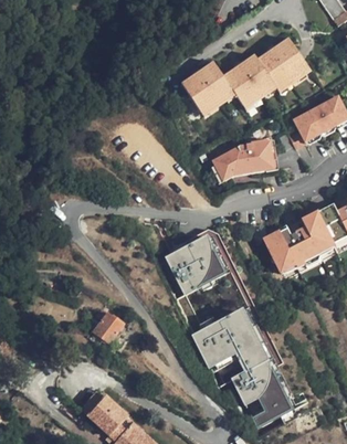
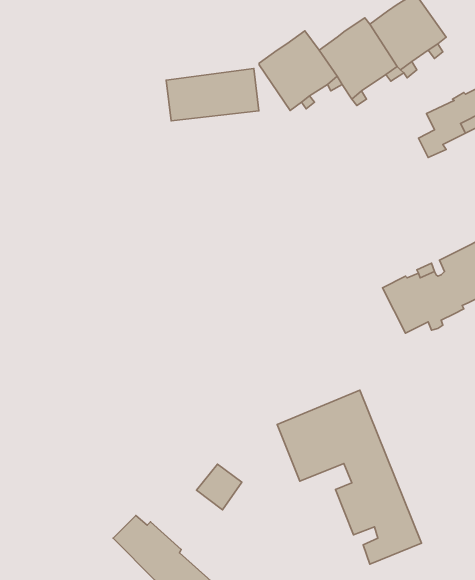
building: [214,141,277,177] -> [166,69,259,121]
building: [166,234,228,294] -> none
building: [92,313,123,343] -> [196,464,242,510]

